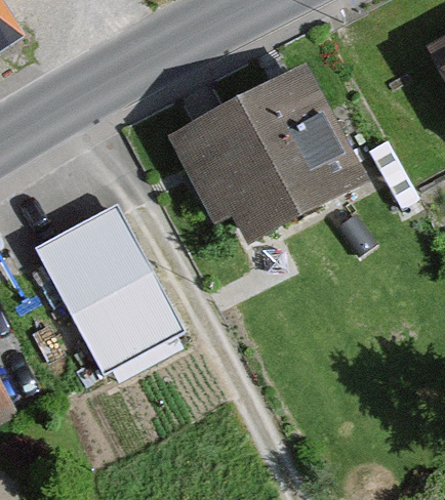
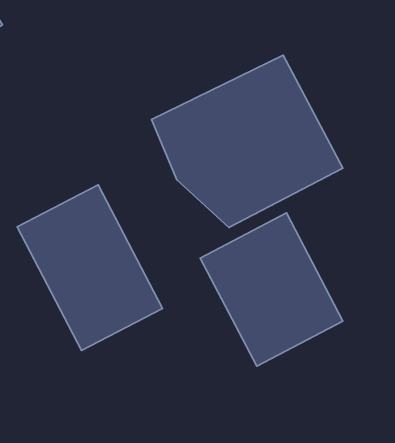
building: none -> [200,213,343,366]

